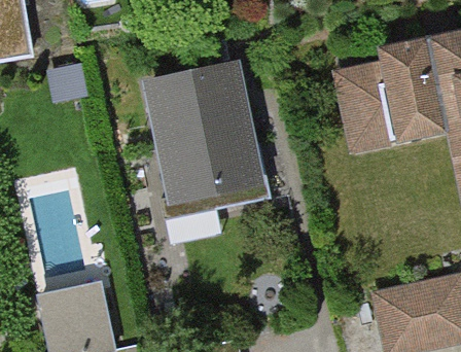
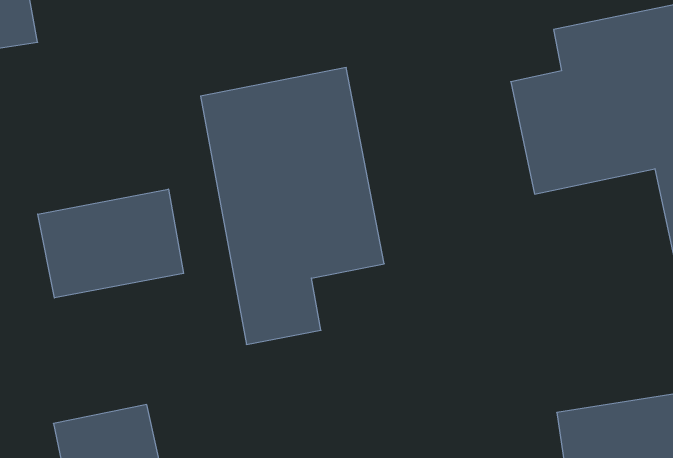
building: none -> [38,189,184,298]

